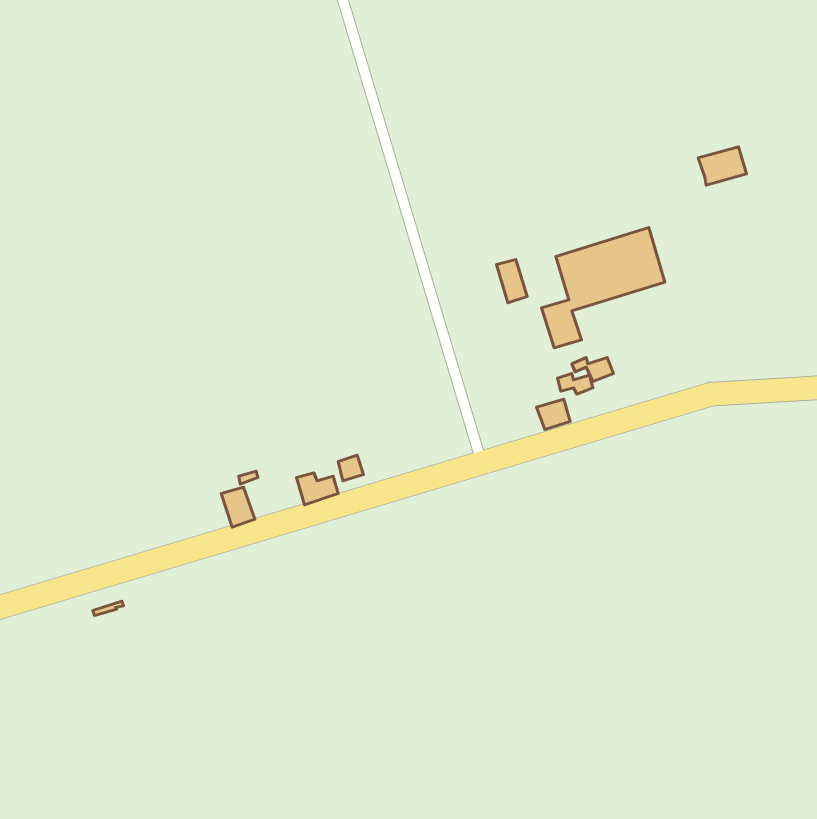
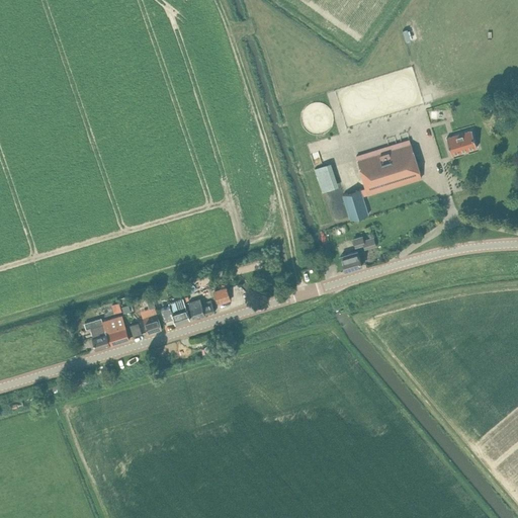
building: [698,147,746,185] -> [445,131,476,155]
building: none -> [161,299,188,324]
building: none -> [89,315,128,349]

